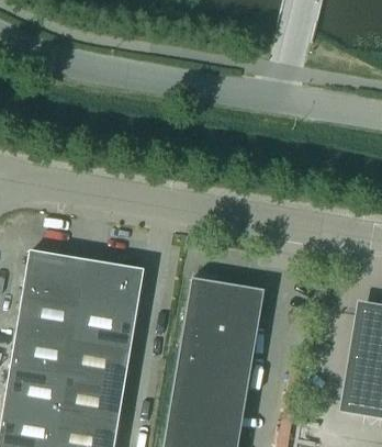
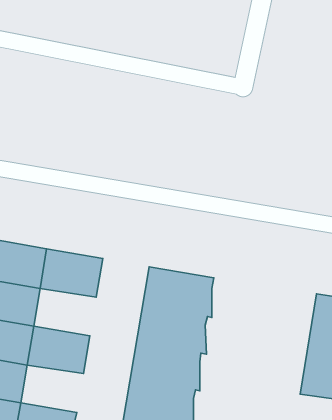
building: [72,301,136,349] -> none
building: [59,379,123,427] -> none

